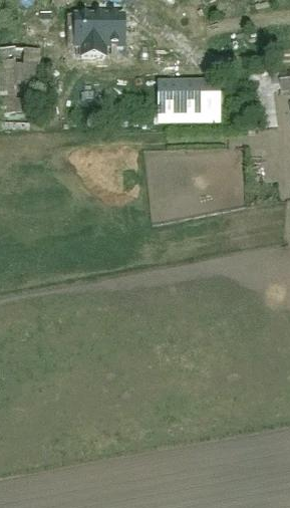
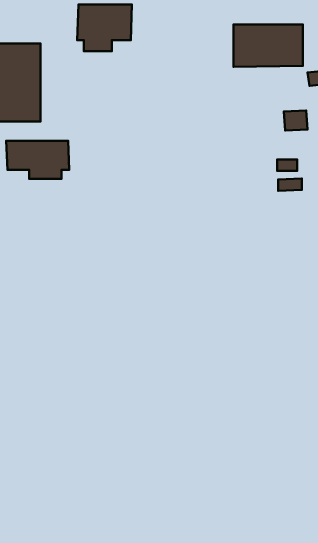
building: [158,78,220,116] -> [233,25,303,67]
building: none -> [6,141,69,179]

